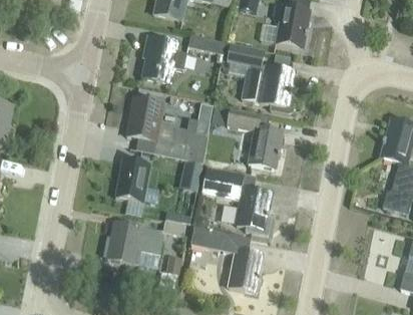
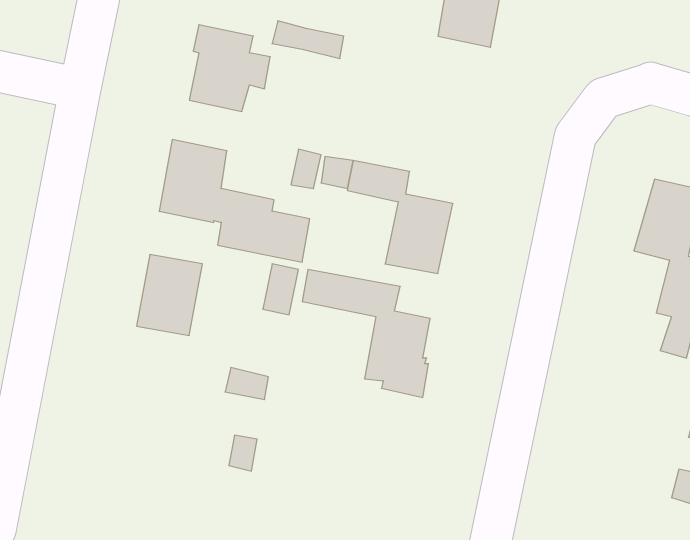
building: [227,44,296,112] -> none
building: [104,221,163,264] -> none
building: [190,227,264,292] -> none

